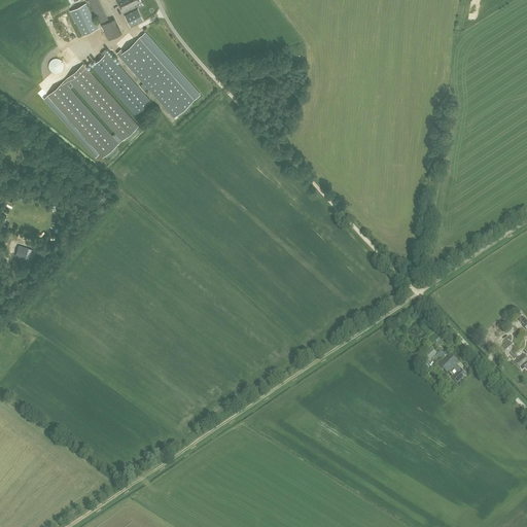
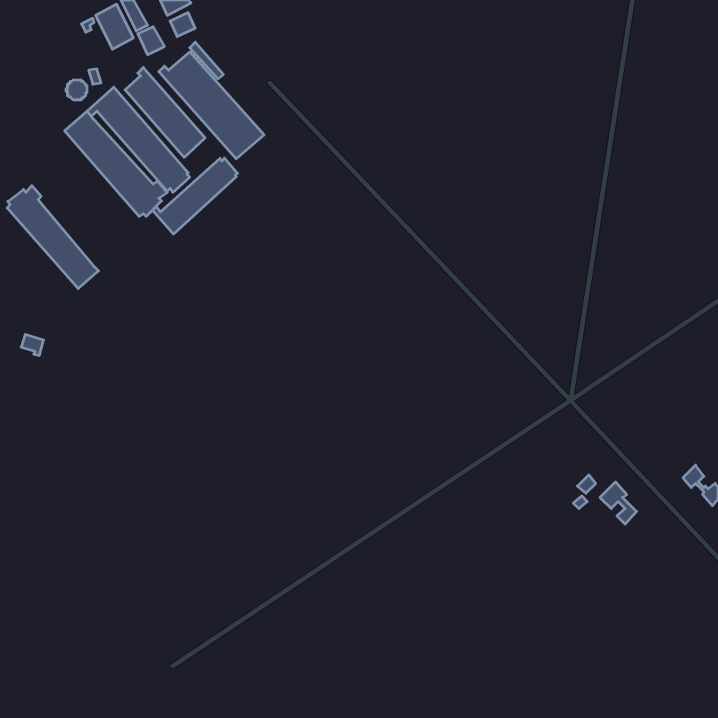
building: none -> [152,158,238,234]
building: none -> [7,186,99,289]

